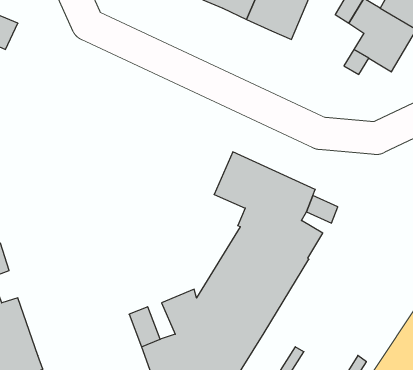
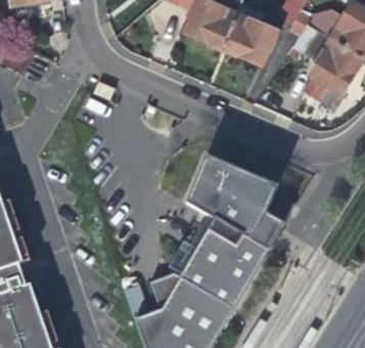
building: none -> [186,155,279,219]

